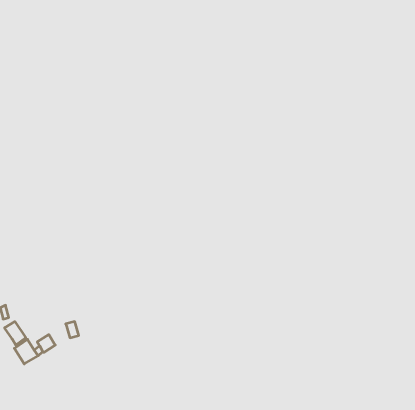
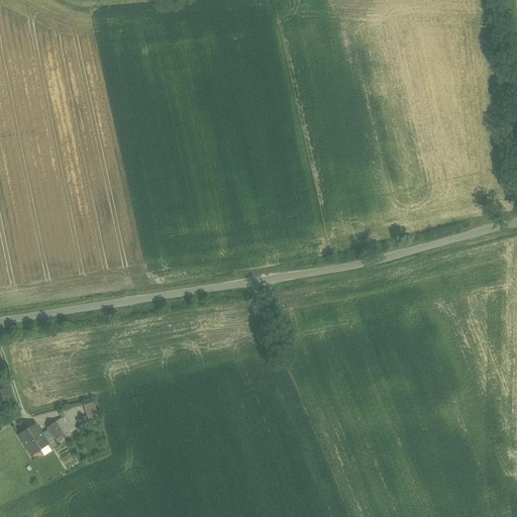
building: [5,322,26,345] -> none

